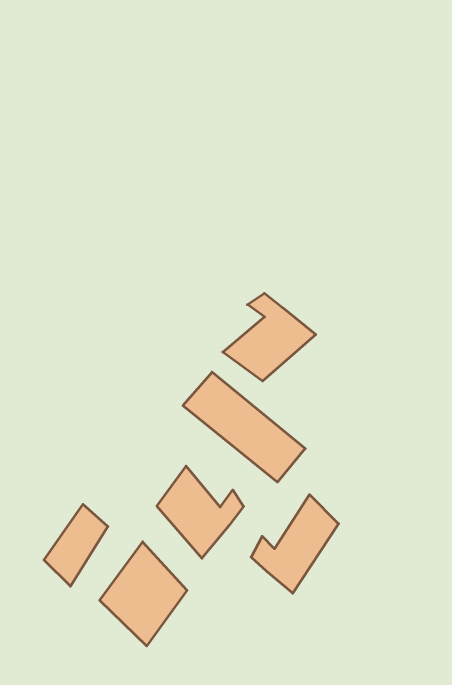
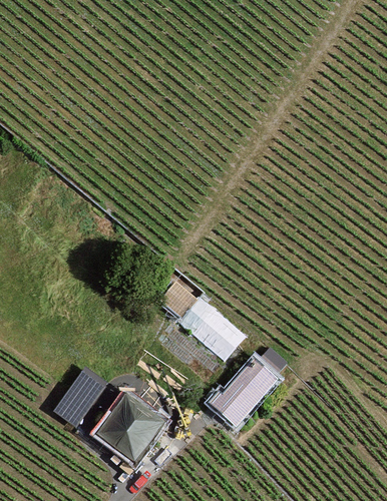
building: [223,293,316,381] -> none
building: [157,466,244,558] -> none

